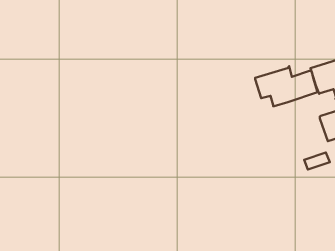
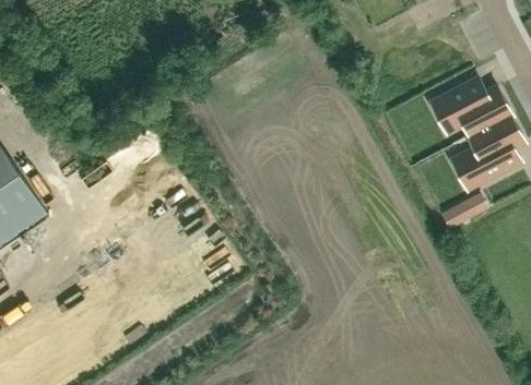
building: [255,66,318,106] -> none

